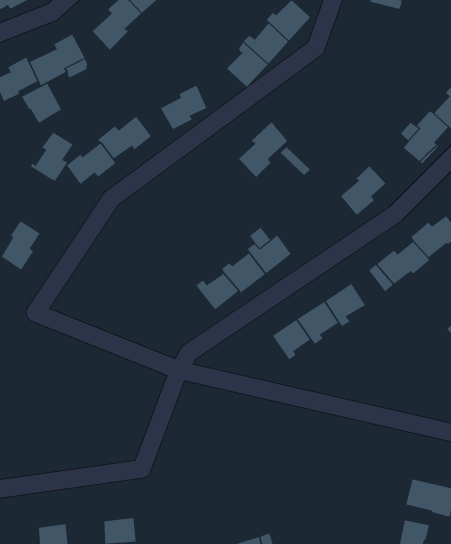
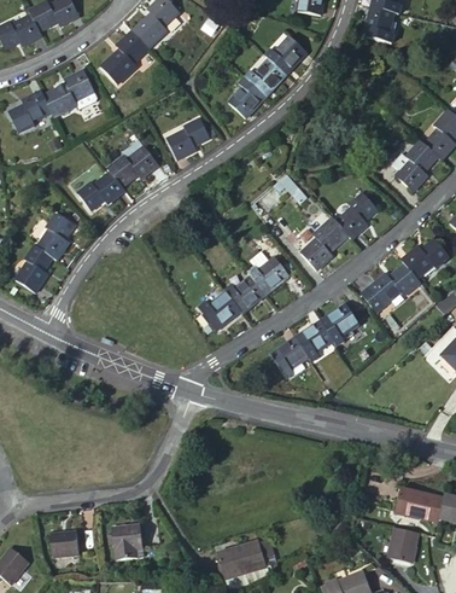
building: [21,83,62,124] -> none
building: [238,122,288,178] -> [299,217,346,271]
building: [30,132,73,182] -> [33,211,74,258]

